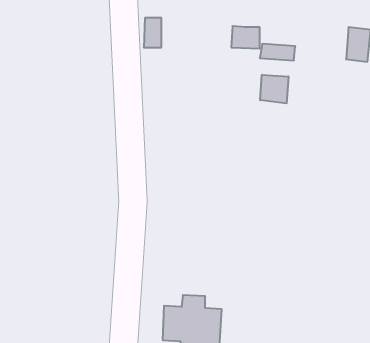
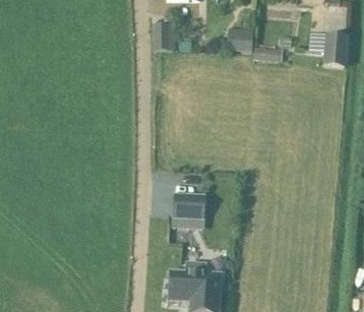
building: [260,75,288,103] -> none
building: none -> [175,194,204,219]

